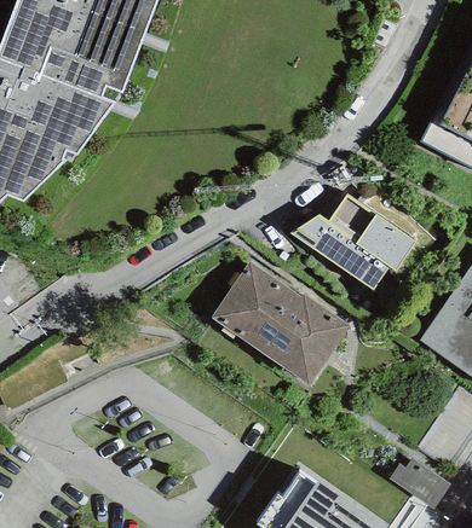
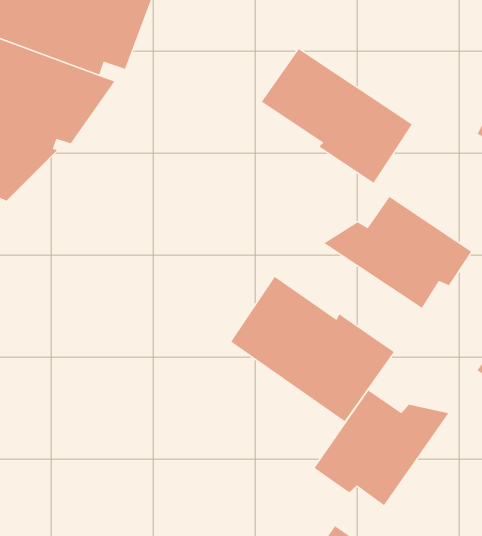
building: none -> [261,48,413,184]
building: none -> [313,389,450,506]

